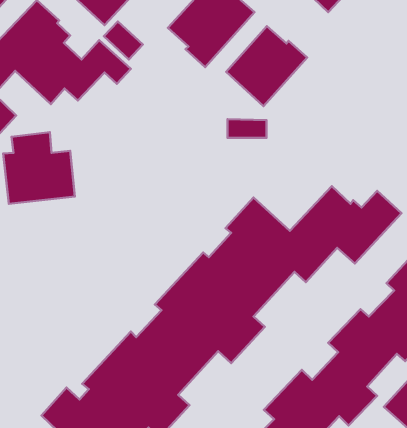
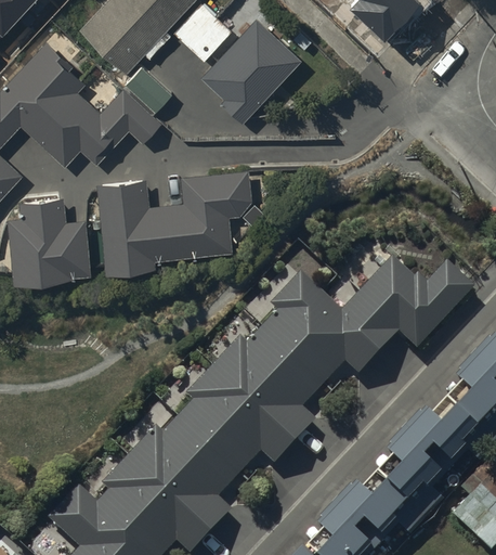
building: [226,26,307,106] -> none
building: none -> [92,170,249,271]

